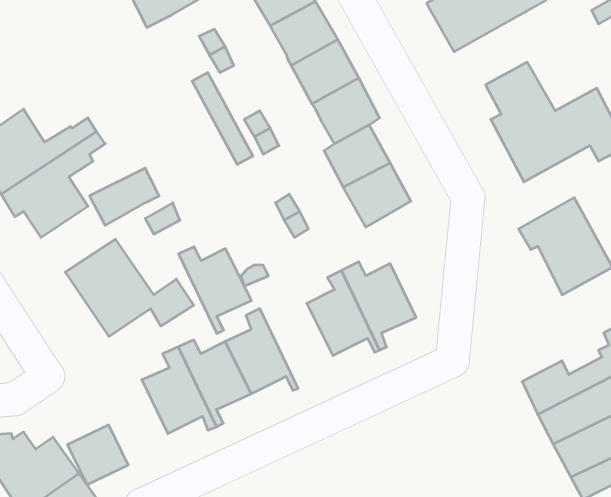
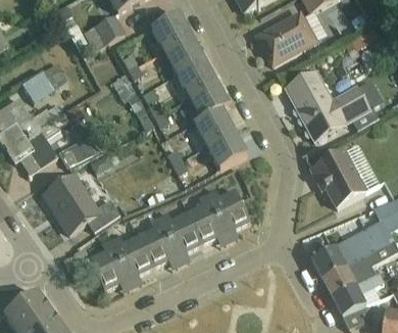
building: none -> [20,61,68,101]
building: [179,247,251,334] -> [158,211,201,263]
building: [68,425,128,485] -> none

